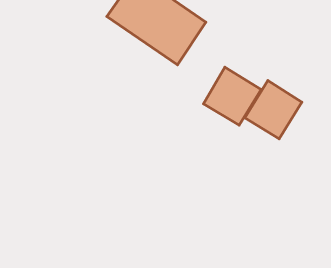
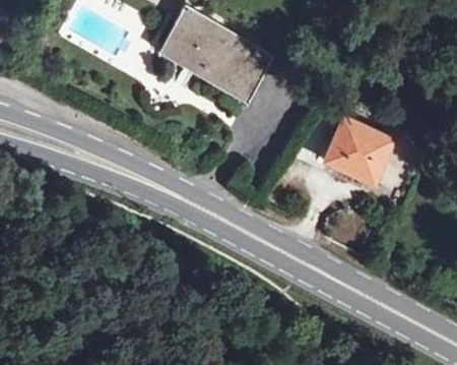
building: [203,67,261,125] -> none

